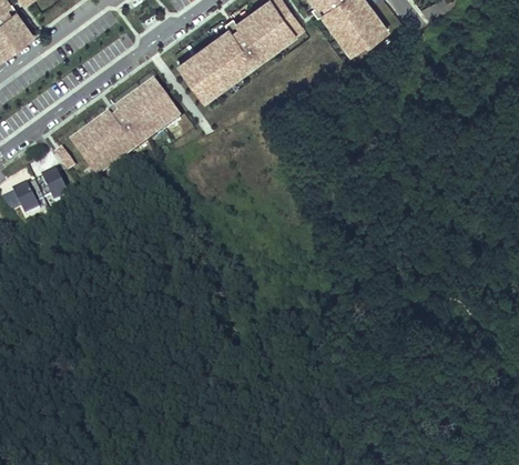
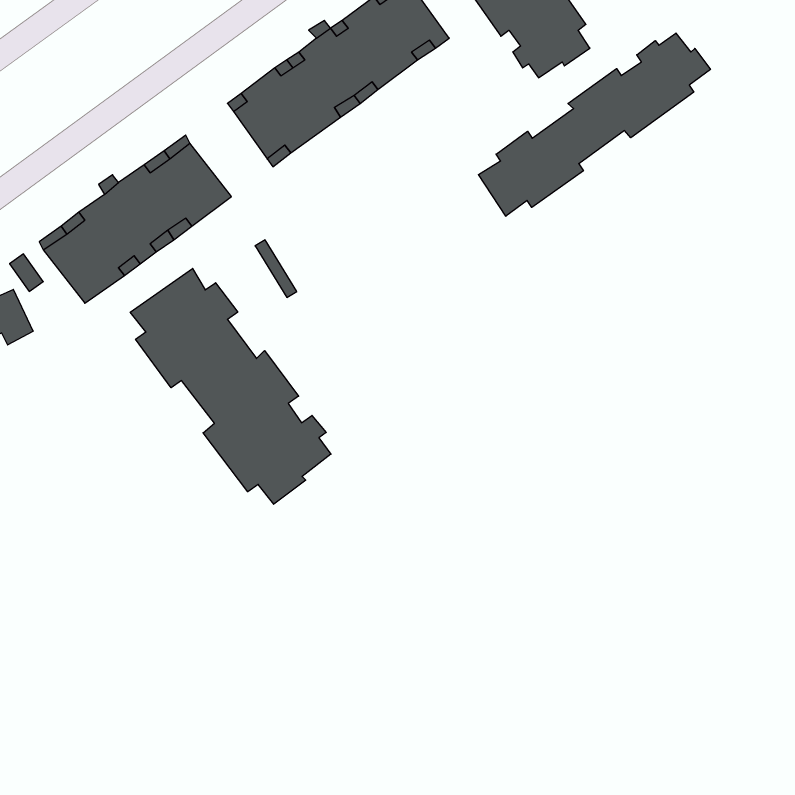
building: none -> [478,33,710,216]
building: none -> [130,268,331,504]

